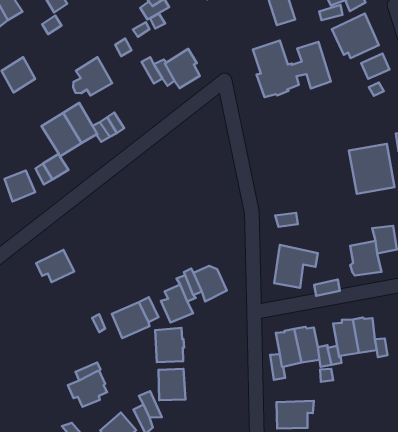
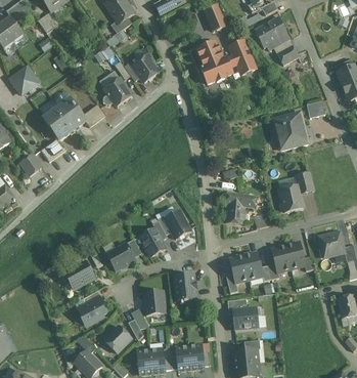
building: [73,57,112,95] -> [103,77,132,106]
building: [36,250,74,282] -> [65,261,94,286]
building: [155,328,184,362] -> [174,274,196,300]

